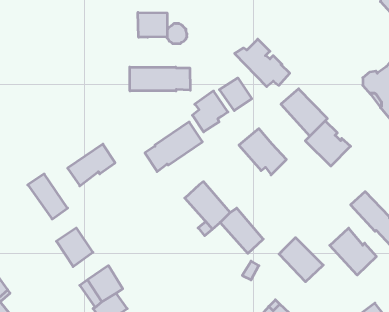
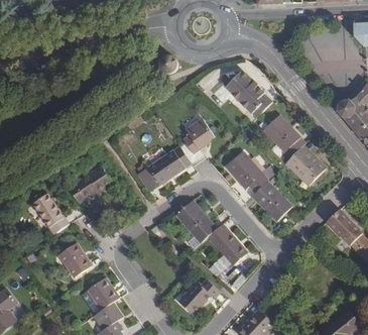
building: [138,12,167,37] -> none
building: [130,67,190,91] -> none
building: [219,78,252,111] -> none
building: [330,228,376,275] -> none
building: [279,238,323,282] -> [252,181,292,221]
building: none -> [177,278,221,315]

